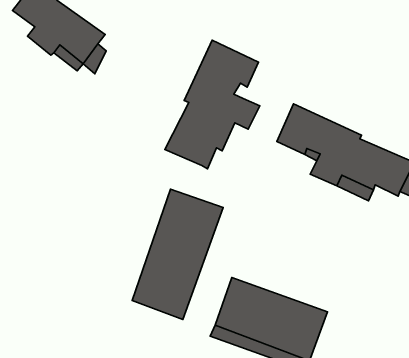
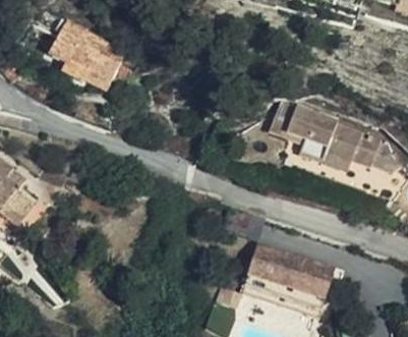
building: [165,40,260,169] -> none
building: [132,189,223,320] -> none

